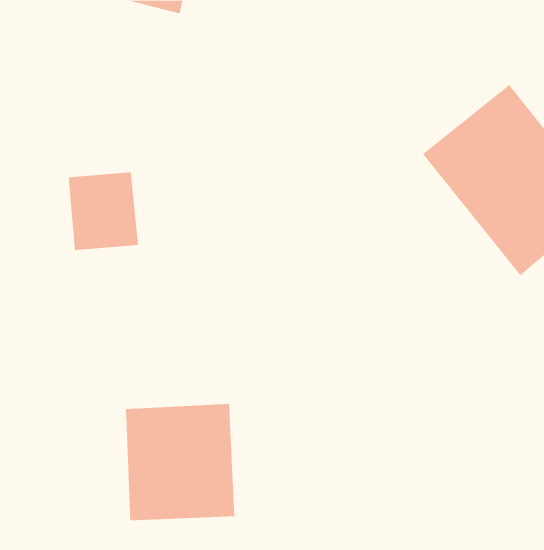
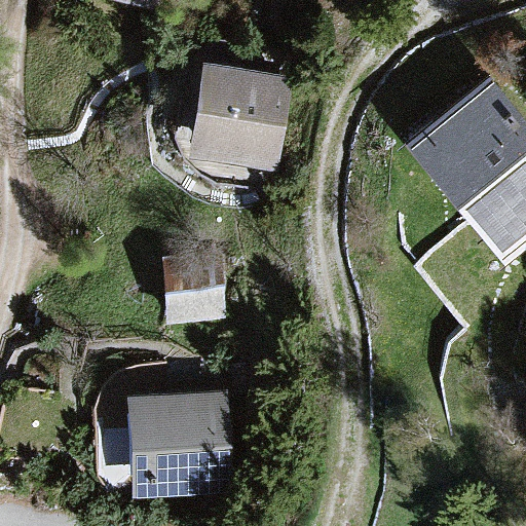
building: none -> [190,67,287,174]
building: [68,172,139,251] -> [161,240,229,315]

